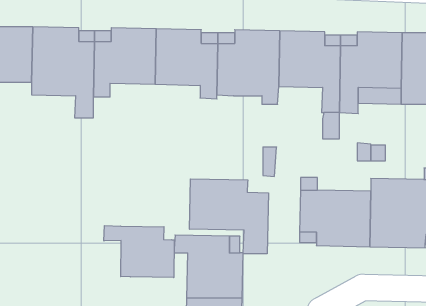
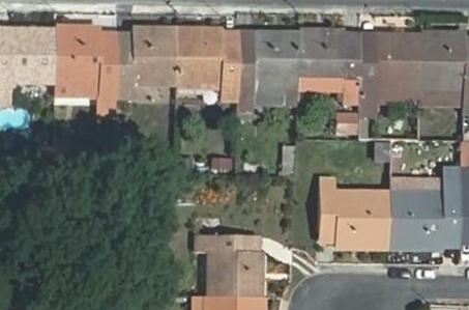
building: [190,179,268,254] -> none
building: [104,226,174,278] -> none

